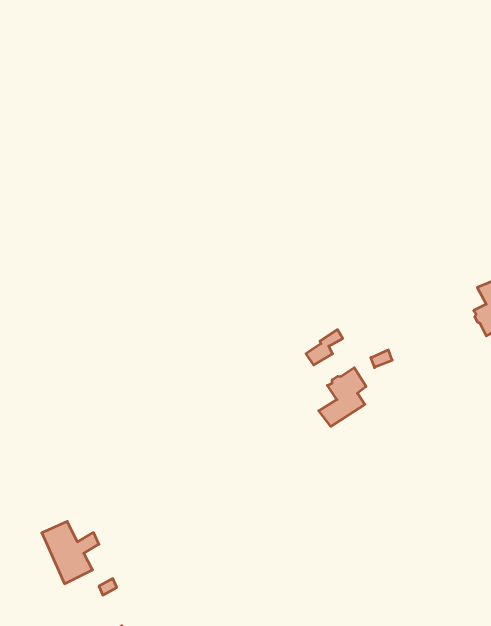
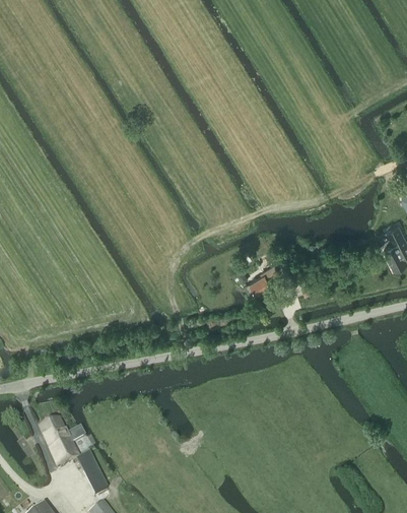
building: [319,368,366,426] -> none

